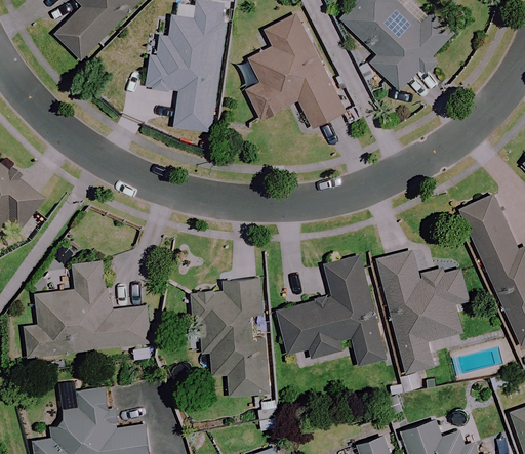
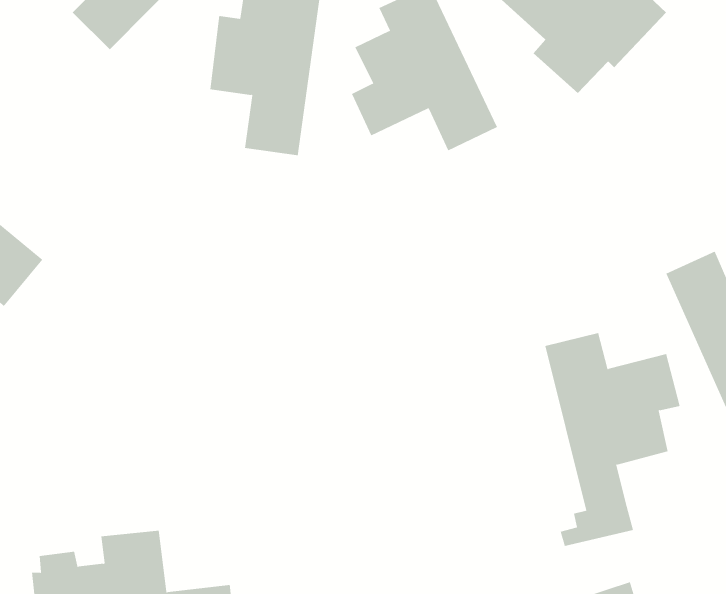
building: [277,257,385,366] -> none
building: [25,260,152,362] -> none
building: [194,279,270,397] -> none

